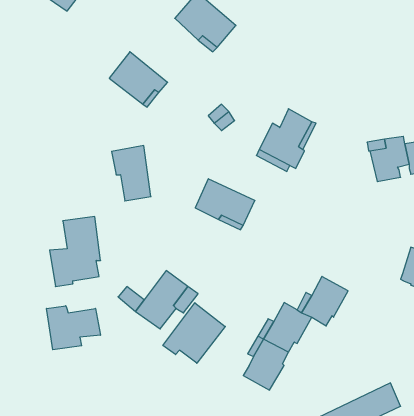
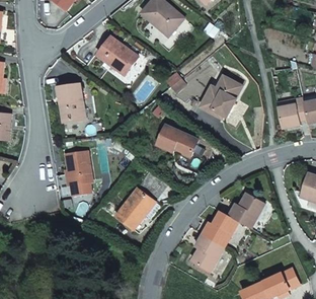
building: [112,146,151,201] -> [58,84,85,123]
building: [163,303,225,363] -> none
building: [47,306,100,350] -> none

